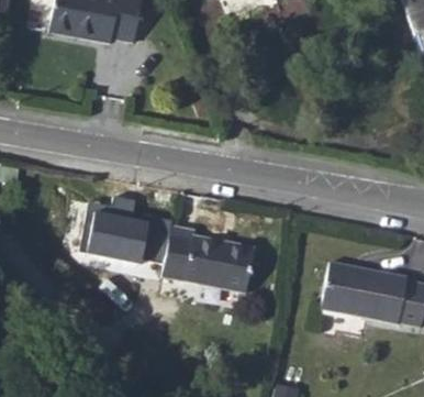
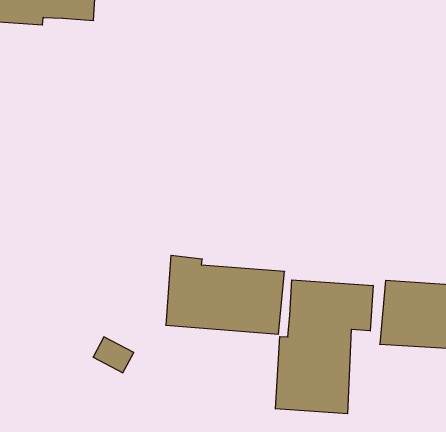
building: [87,194,149,262] -> none
building: none -> [276,280,373,414]

